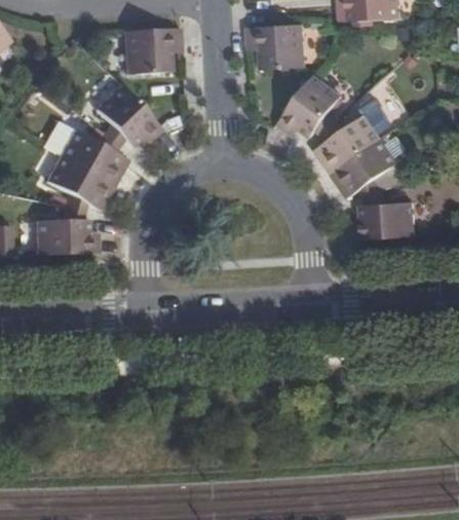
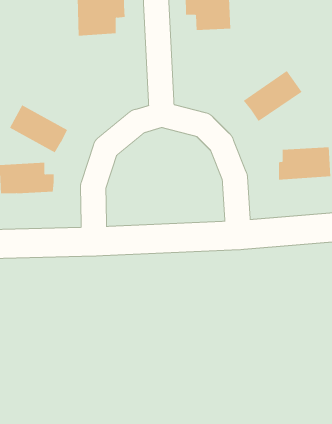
building: [279,75,341,139] -> none
building: [97,85,162,146] -> none
building: [63,129,129,182] -> none
building: [332,139,396,196] -> none

